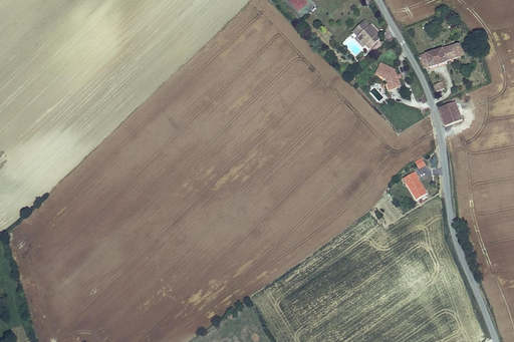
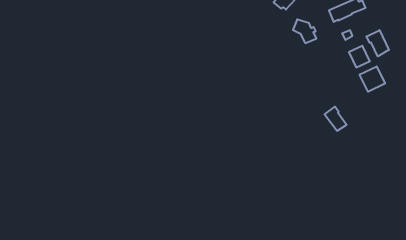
building: none -> [366,30,389,56]
building: none -> [360,66,385,92]

